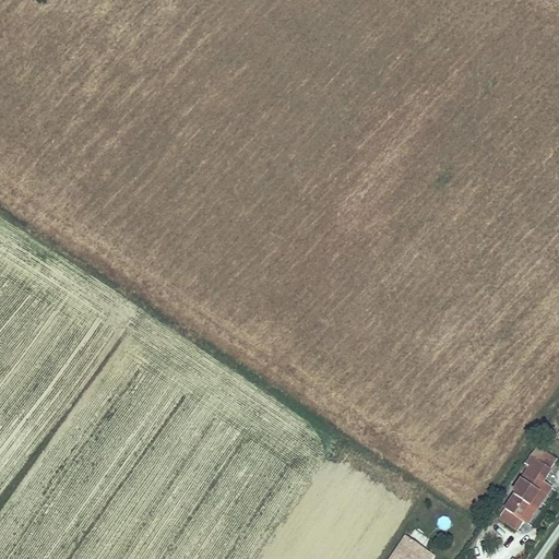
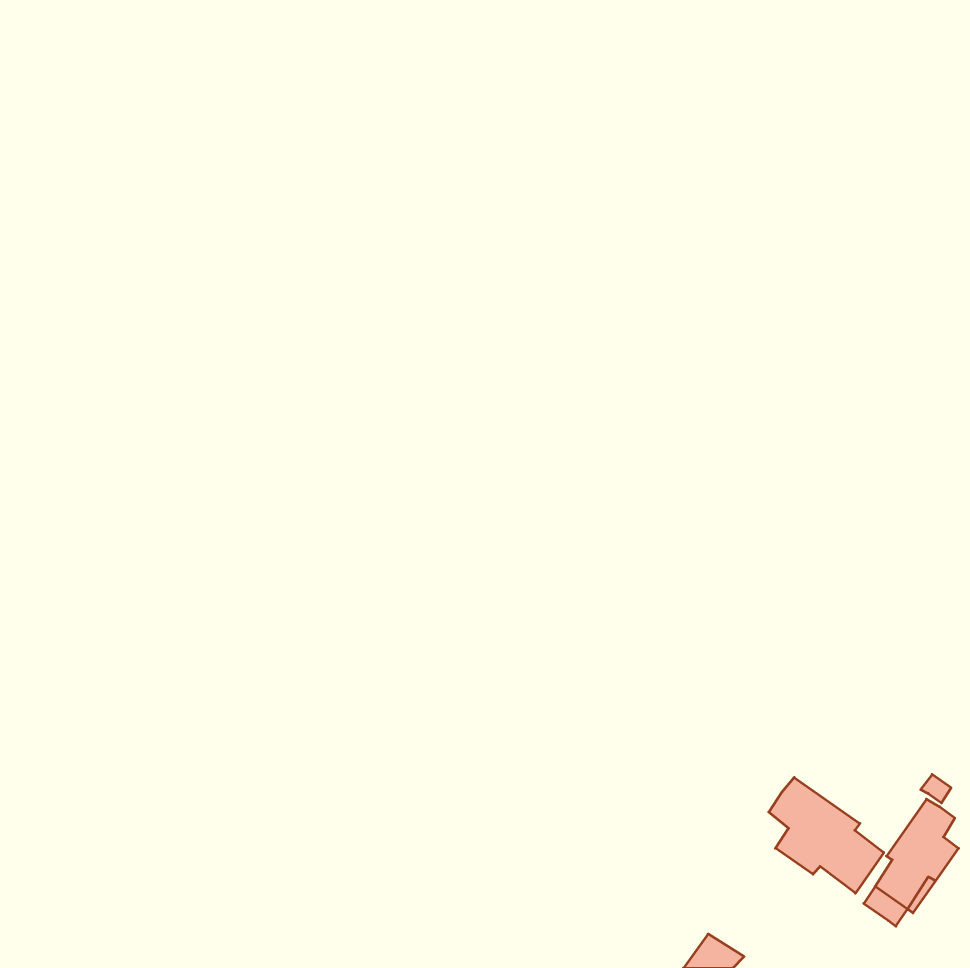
building: none -> [769,777,884,893]

